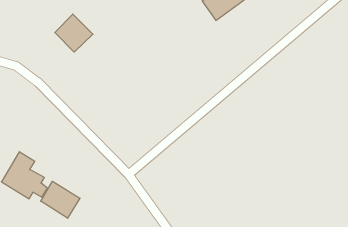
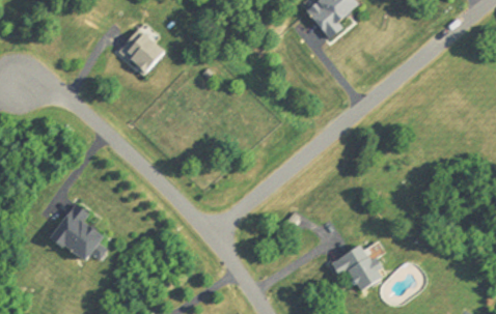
building: [41,181,80,218] -> none
building: none -> [330,242,384,292]

